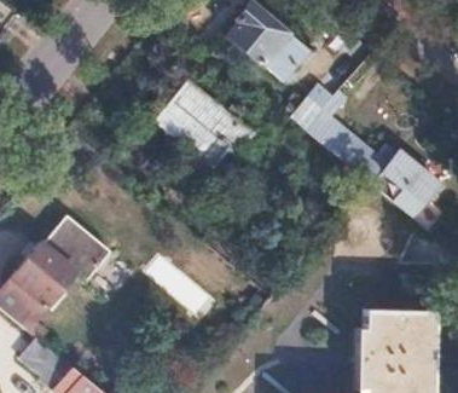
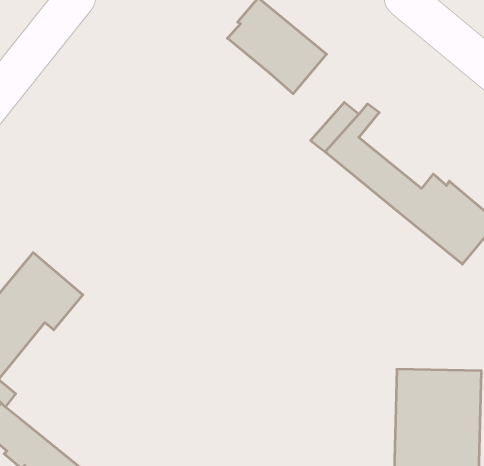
building: [152,80,253,179] -> none

